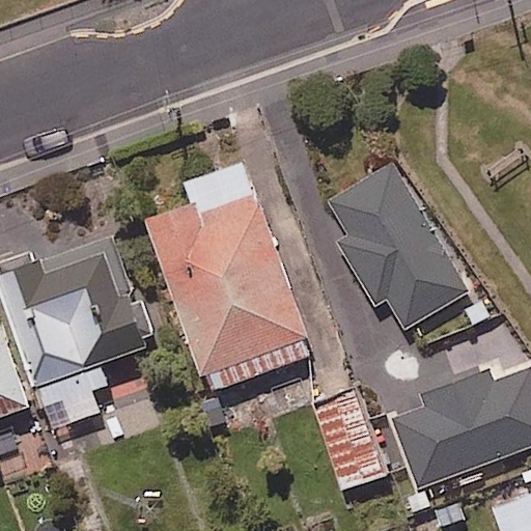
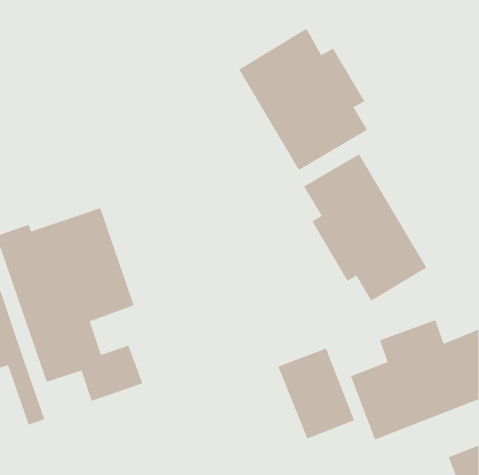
building: none -> [238,28,368,171]
building: [144,162,312,391] -> none

